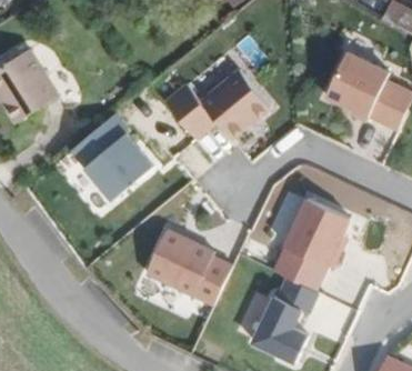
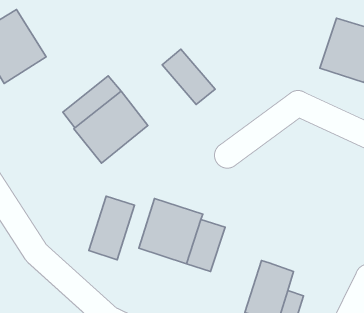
building: [199,64,273,139] -> none
building: [288,194,352,269] -> none
building: none -> [89,196,135,260]
building: [275,275,321,311] -> none

